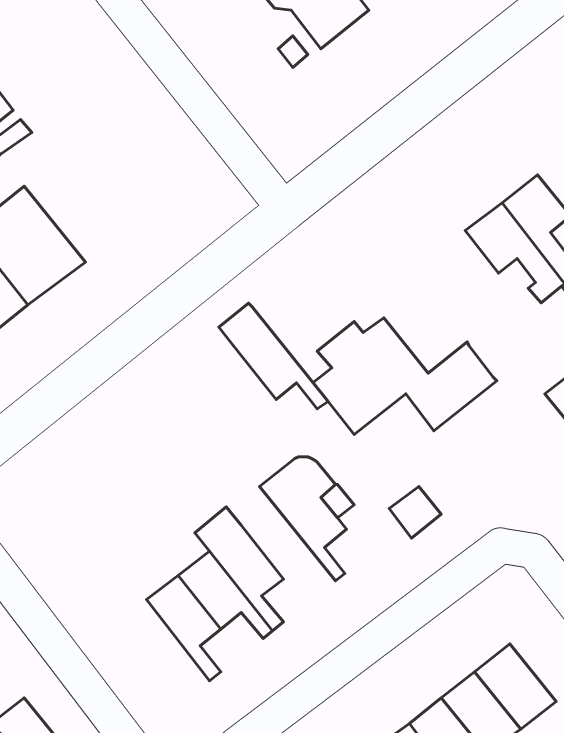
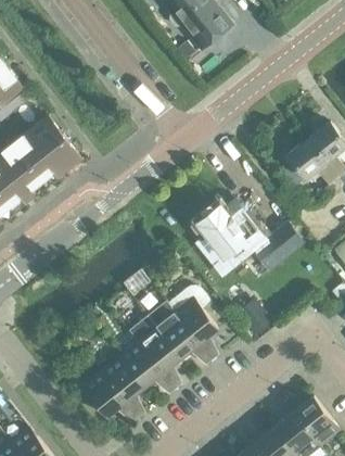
building: none -> [27,114,80,173]
building: [219,303,328,409] -> [145,302,209,364]
building: none -> [79,370,136,422]

